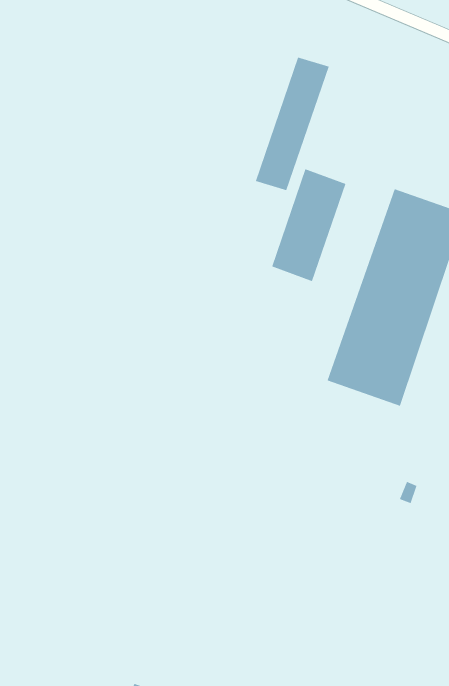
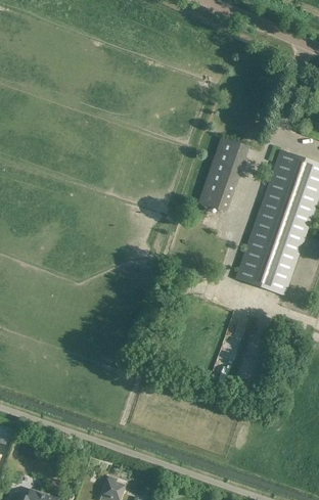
building: [255,57,330,191] -> none

